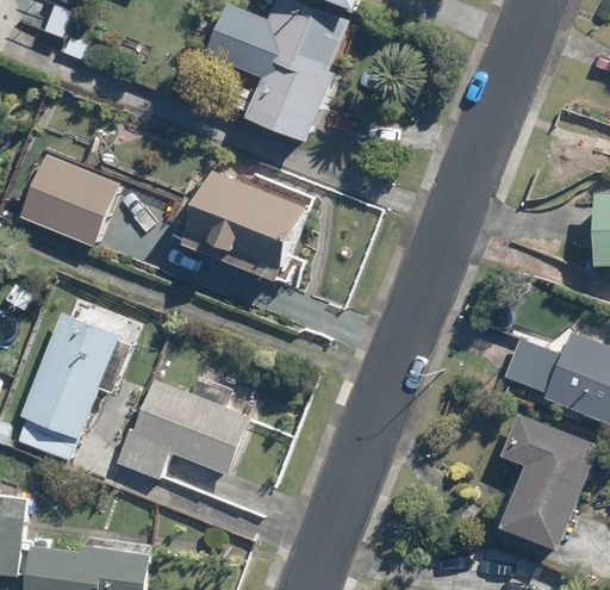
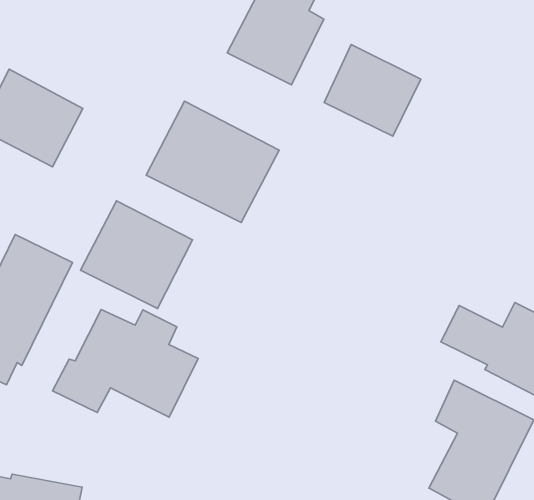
building: none -> [324,45,421,136]
building: none -> [80,201,193,308]

